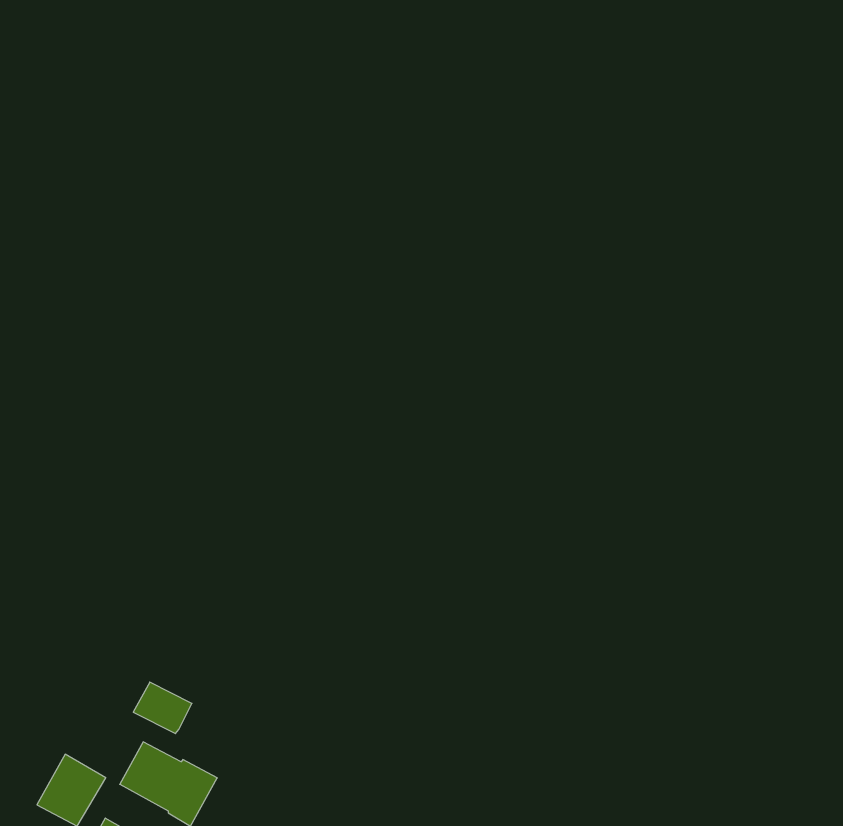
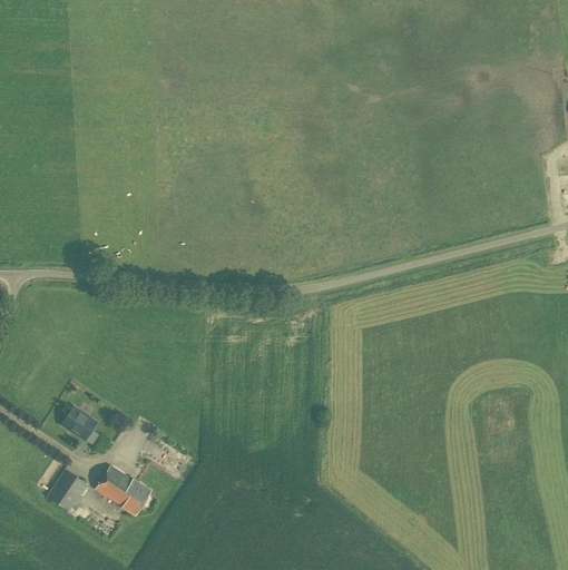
building: [133,682,192,734] -> [62,409,97,440]

